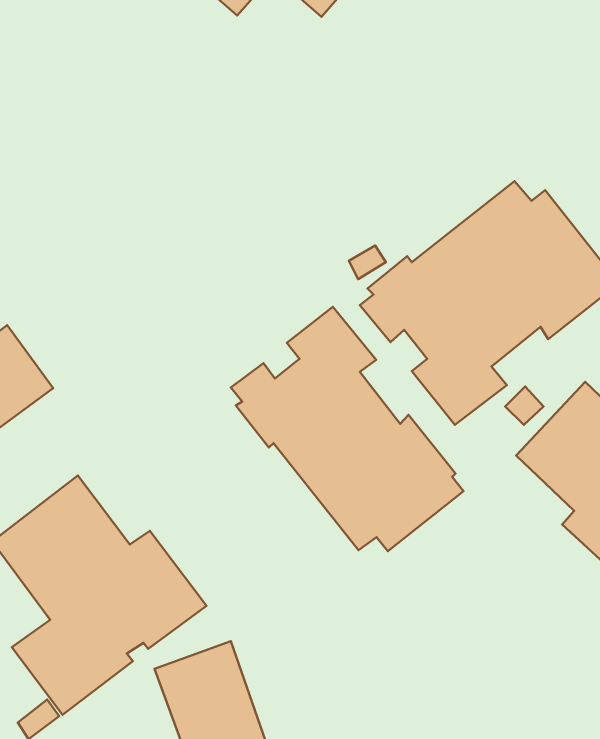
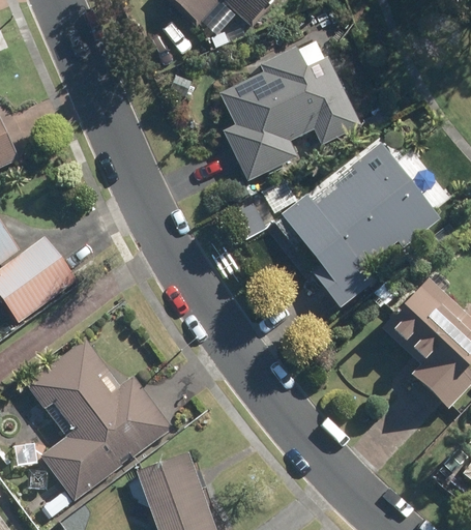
building: none -> [215,52,356,182]
building: [231,307,464,551] -> none

